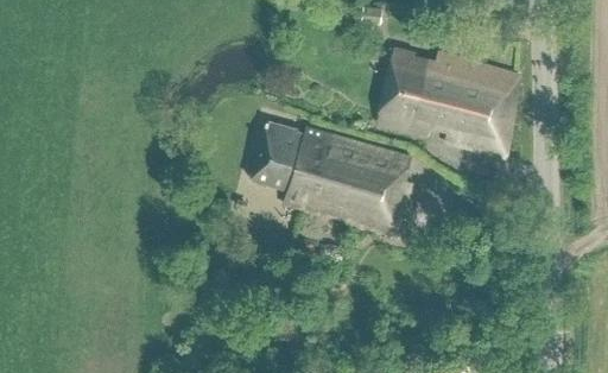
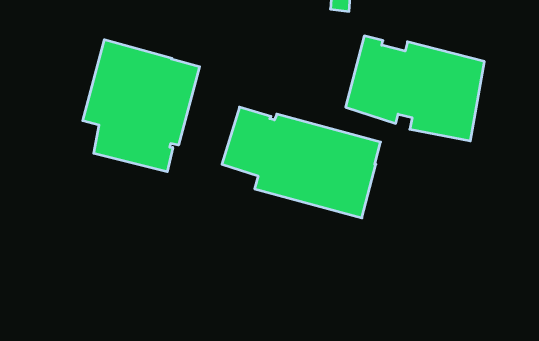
building: none -> [83,40,200,172]

